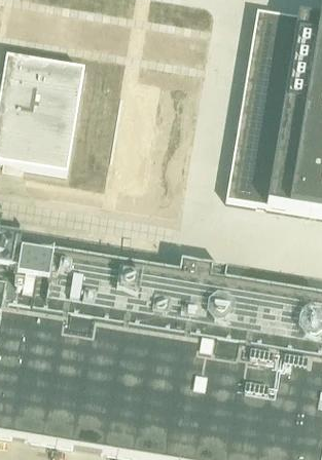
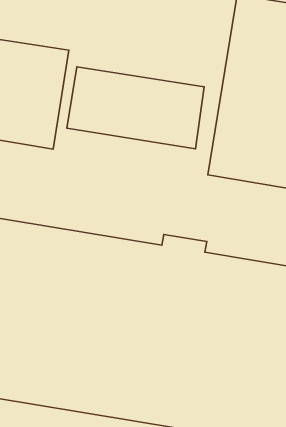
building: none -> [67,67,204,149]

